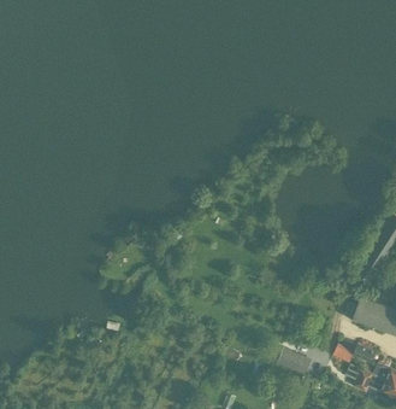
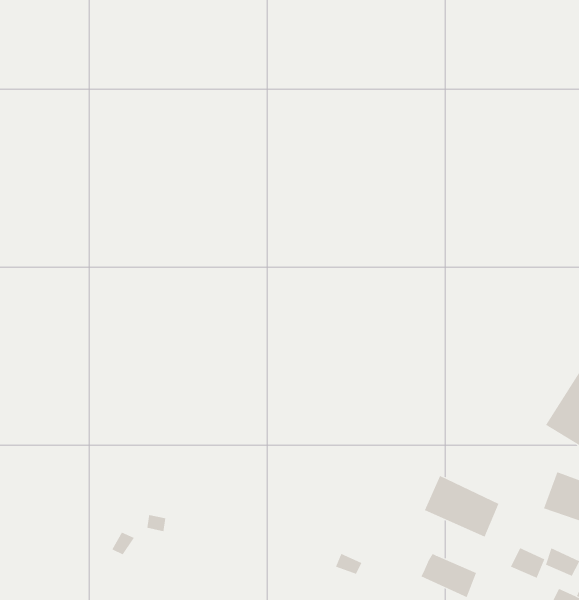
building: none -> [424,475,499,538]

